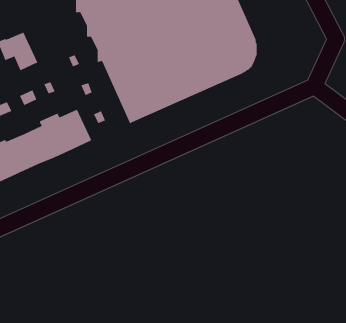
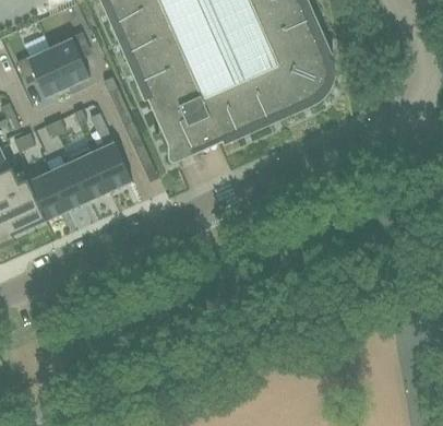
building: none -> [49,32,89,86]

